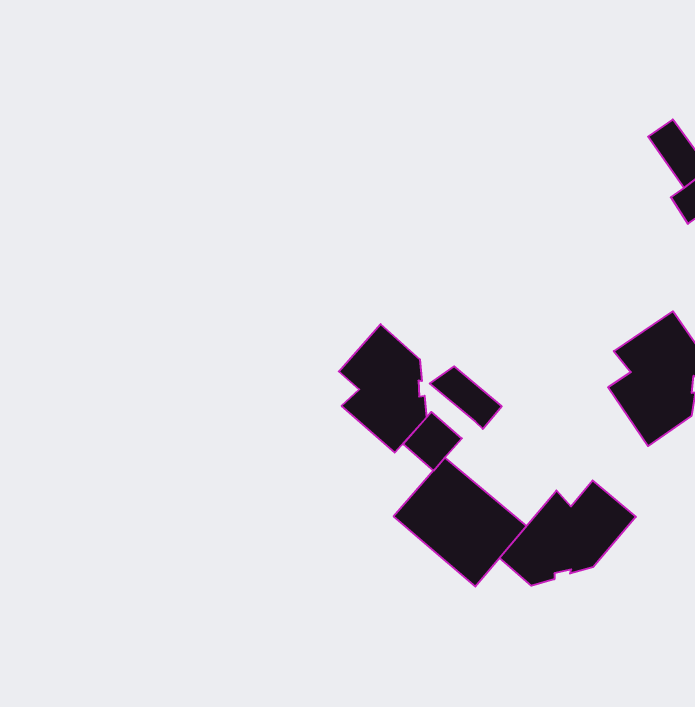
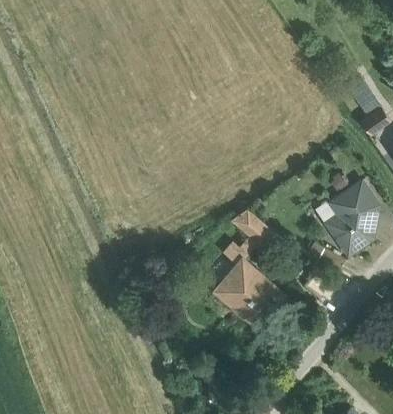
building: [339,324,427,453] -> none
building: [500,480,636,586] -> none

